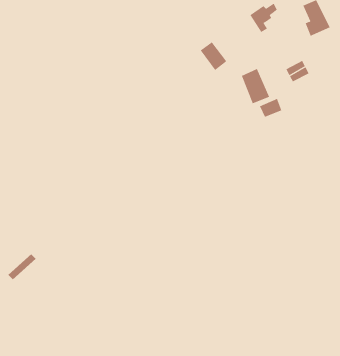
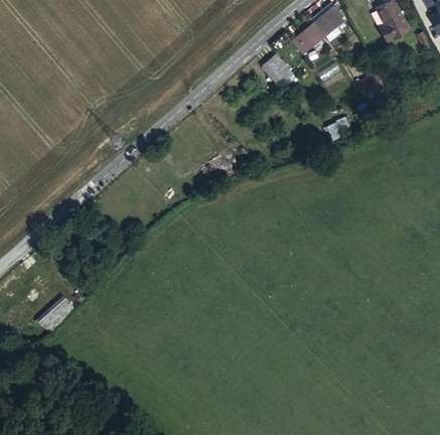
building: none -> [294,24,323,52]
building: [241,68,270,104] -> none

